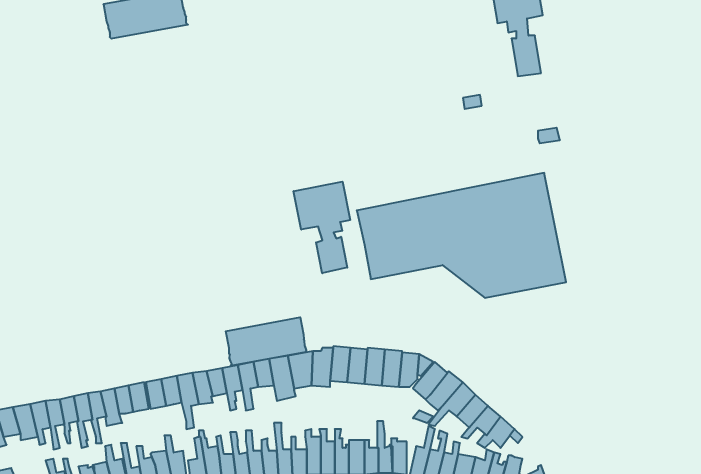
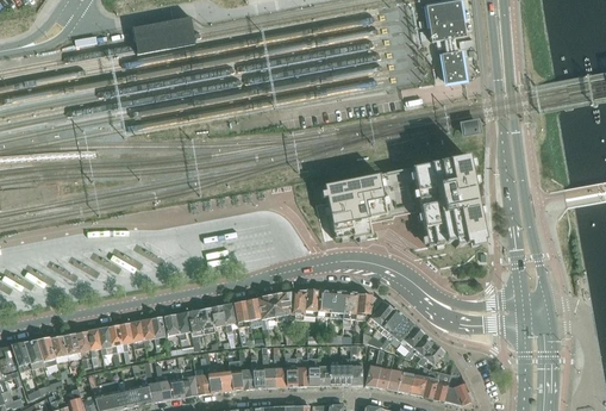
building: [294,182,350,273] -> none
building: [226,317,306,366] -> none

